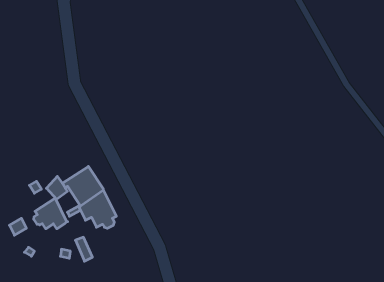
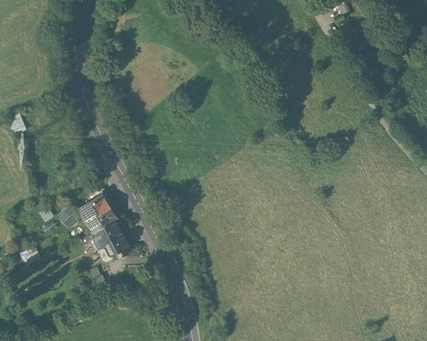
building: [34,198,68,229] -> none

